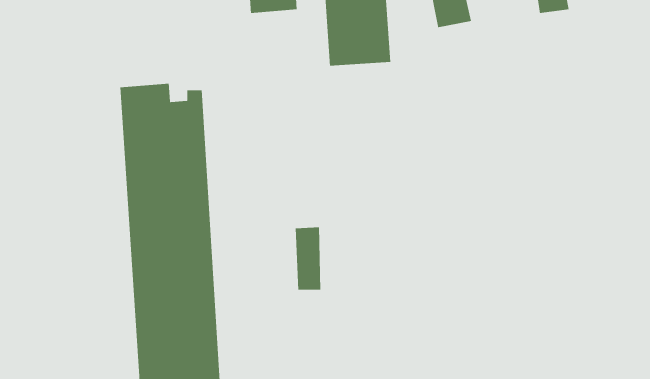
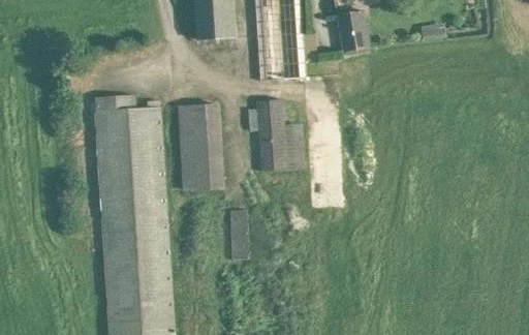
building: none -> [248,99,305,171]
building: none -> [180,103,223,190]

